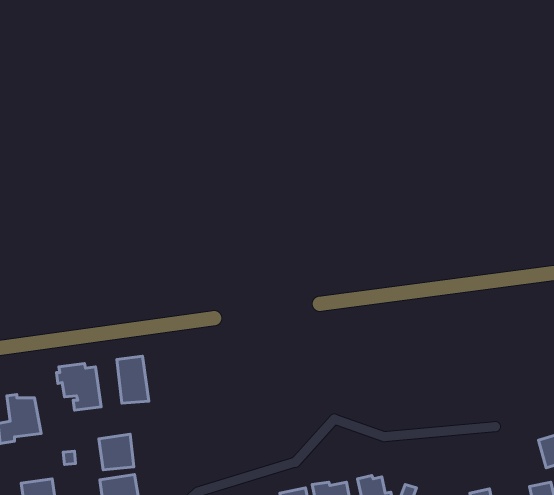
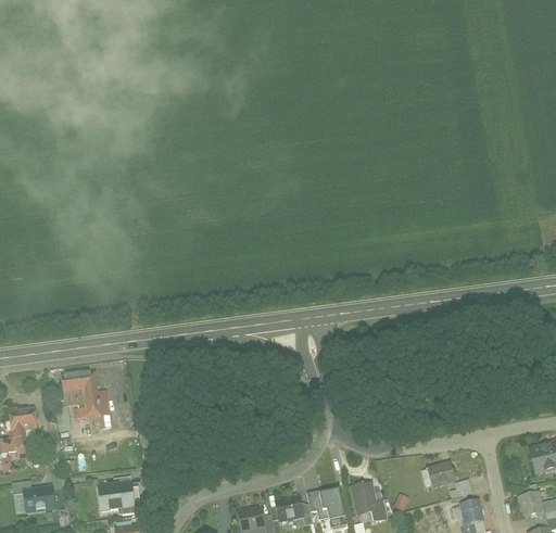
building: [117,356,149,403] -> none
building: [99,434,134,470] -> none
building: none -> [426,461,456,487]

